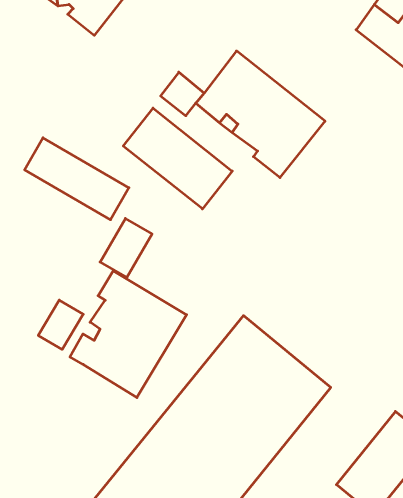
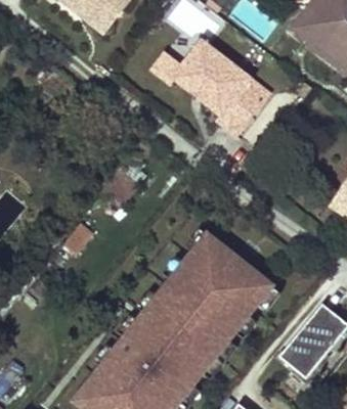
building: [123,108,232,209] -> none
building: [25,138,129,220] -> none
building: [70,271,187,398] -> none

